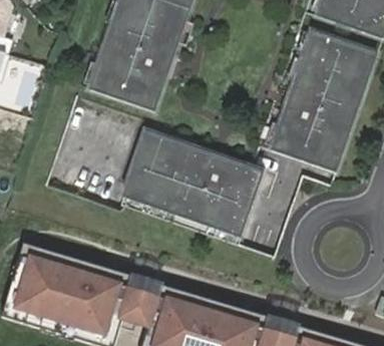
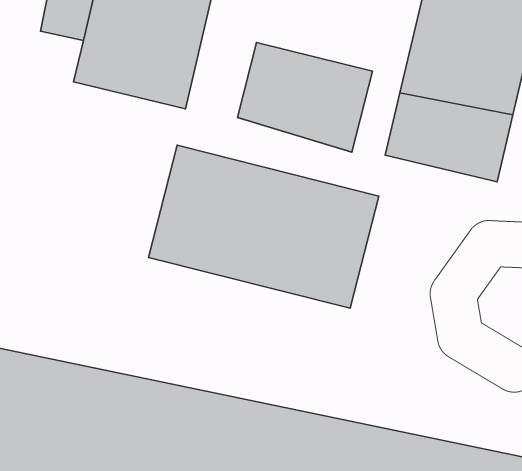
building: none -> [237,42,372,152]

